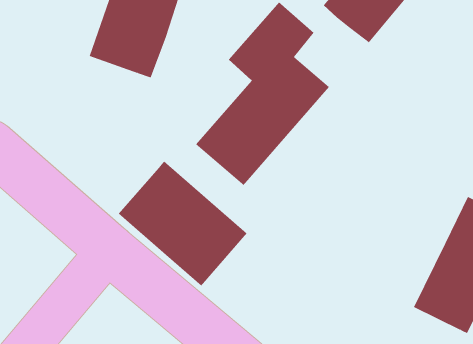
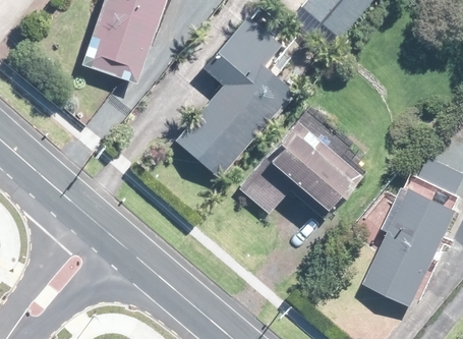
building: none -> [238,113,355,217]
building: [118,161,248,286] -> none

